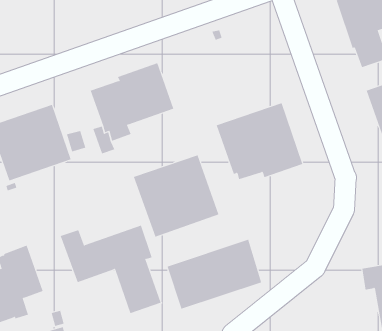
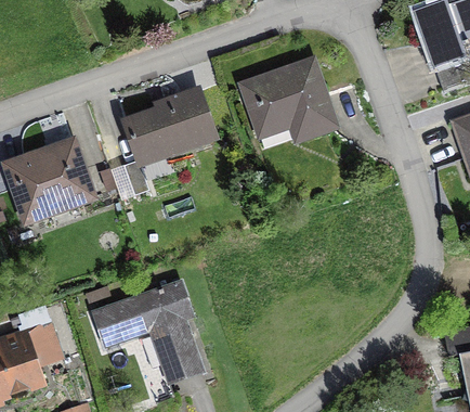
building: [216,103,303,180] -> [237,54,341,146]
building: [133,154,219,237] -> none
building: [167,239,262,310] -> none

